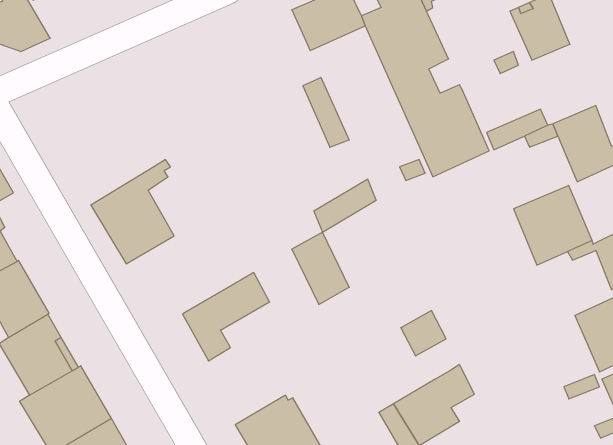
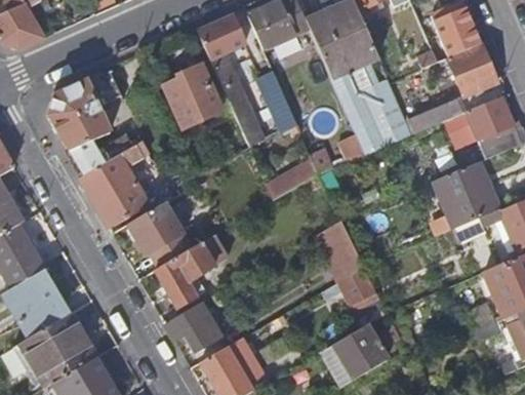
building: none -> [198,16,264,147]
building: none -> [439,44,496,97]
building: none -> [164,64,219,126]
building: none -> [49,71,133,179]
building: [292,232,349,304] -> [316,221,364,281]
building: none -> [126,202,191,268]
building: none -> [165,303,219,351]

